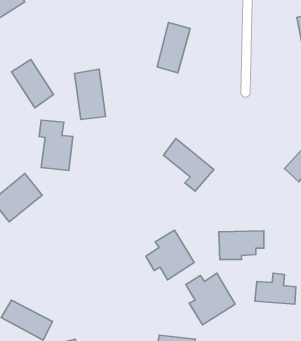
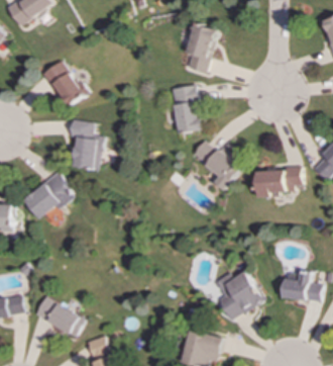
building: [75,69,105,120] -> [170,84,200,133]
building: [146,230,194,280] -> none
building: [219,231,264,260] -> [255,168,300,196]

